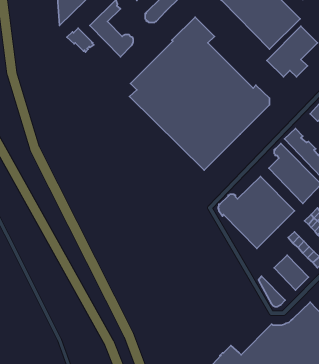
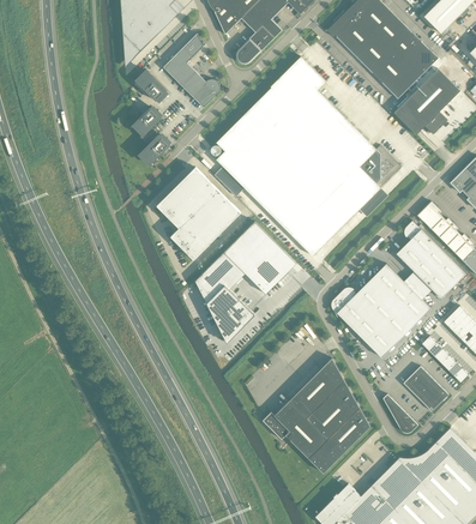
building: none -> [132,106,171,167]
building: none -> [157,167,241,259]
building: none -> [195,221,296,343]
building: none -> [263,357,370,472]

